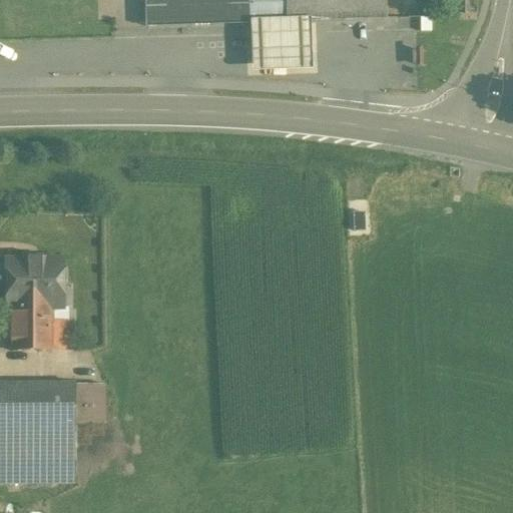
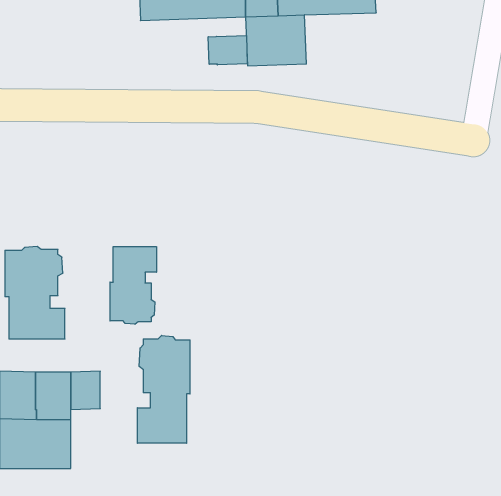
building: none -> [208,35,247,65]
building: none -> [110,247,156,324]
building: none -> [137,335,190,443]

